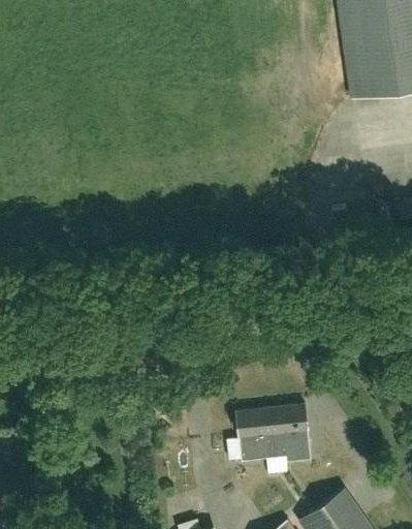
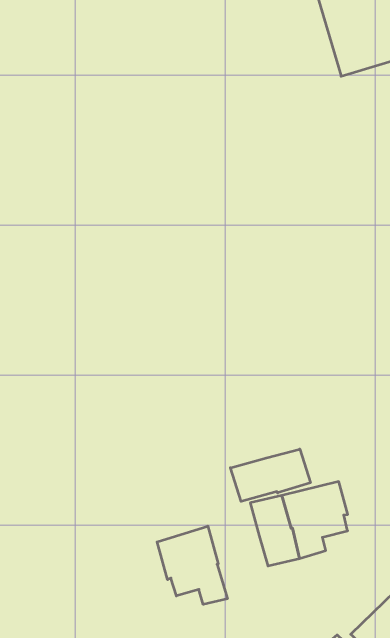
building: none -> [230,449,310,501]
building: none -> [157,526,227,604]

